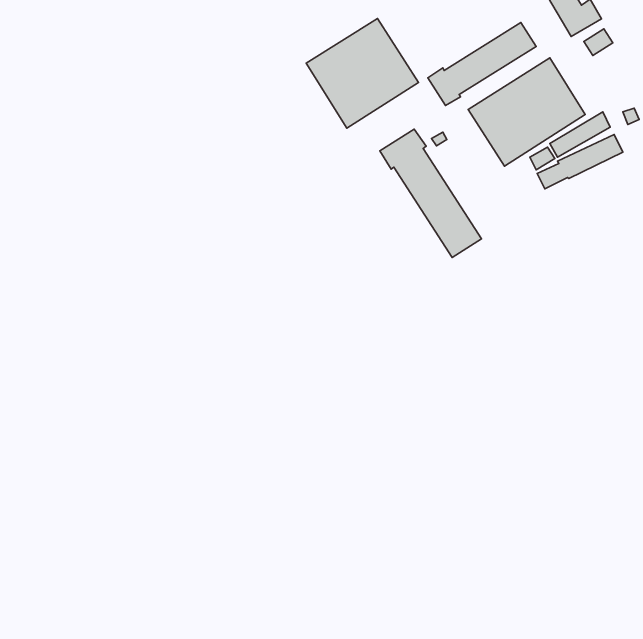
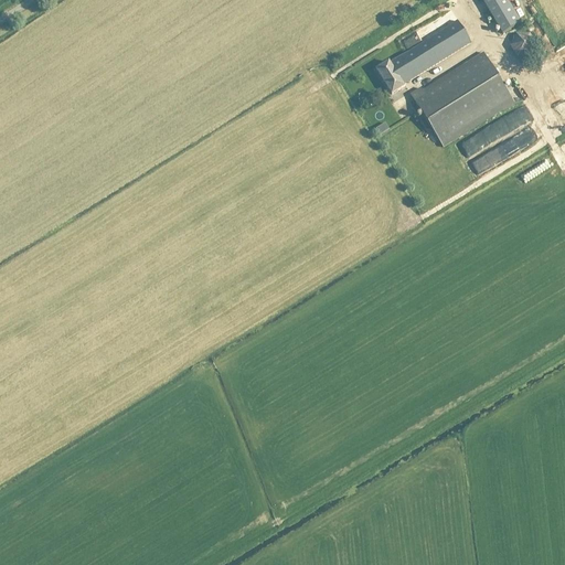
building: [306,19,418,128] -> none
building: [380,129,482,258] -> none

